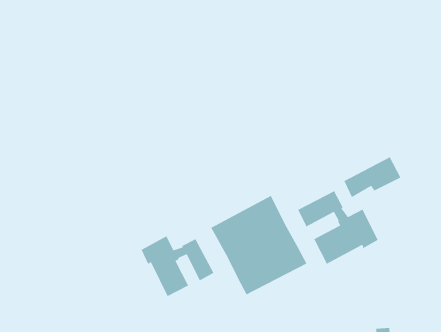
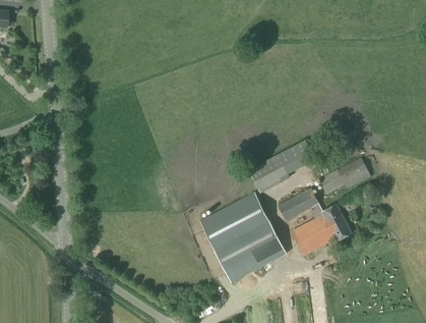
building: none -> [247,140,314,193]
building: [141,235,214,297] -> none

